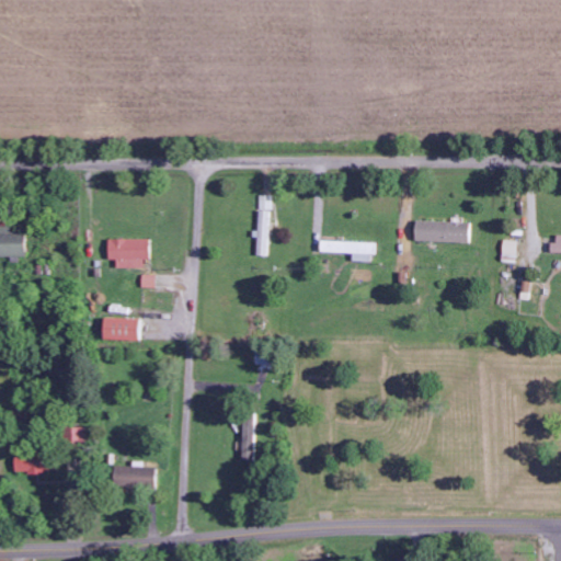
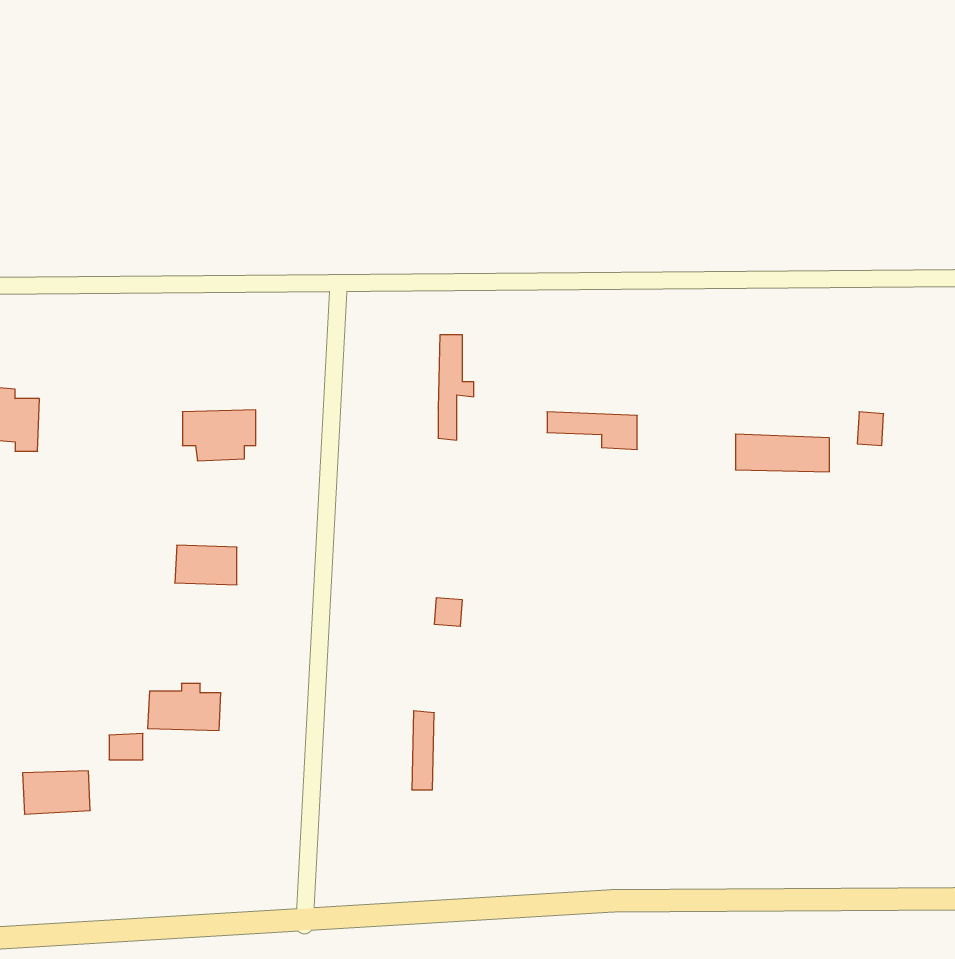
building: [413,220,468,242] -> [735,434,829,472]
building: [112,461,154,489] -> [148,683,221,730]

